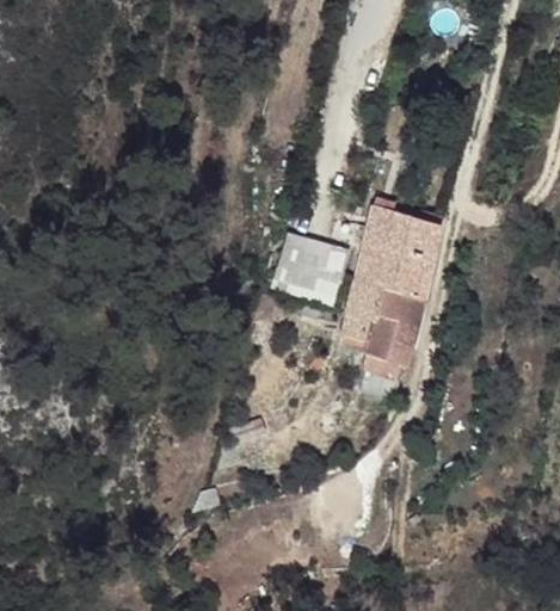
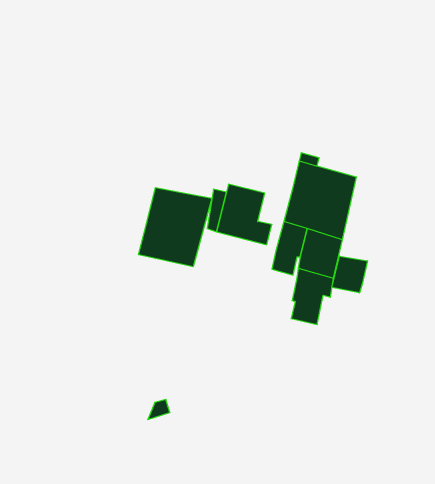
building: none -> [138,188,212,267]
building: none -> [332,256,367,293]

